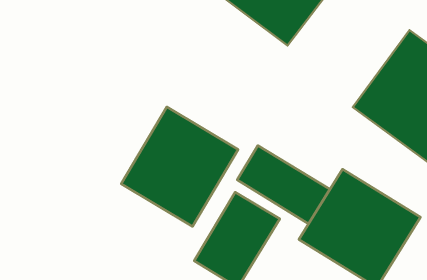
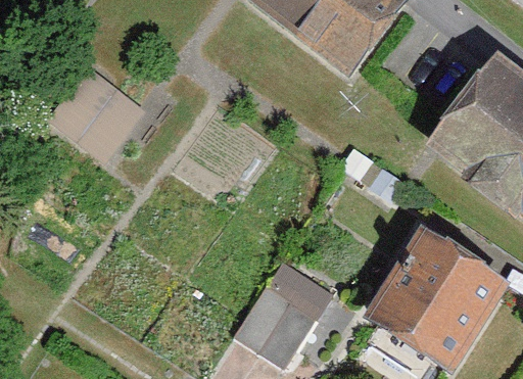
building: [121,107,238,227] -> none
building: [237,146,330,224] -> none

